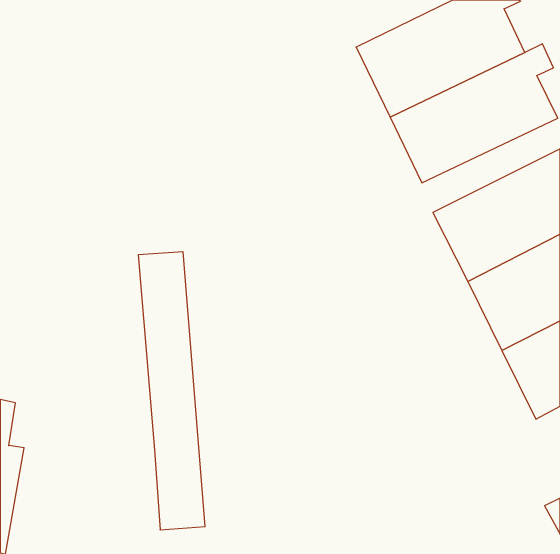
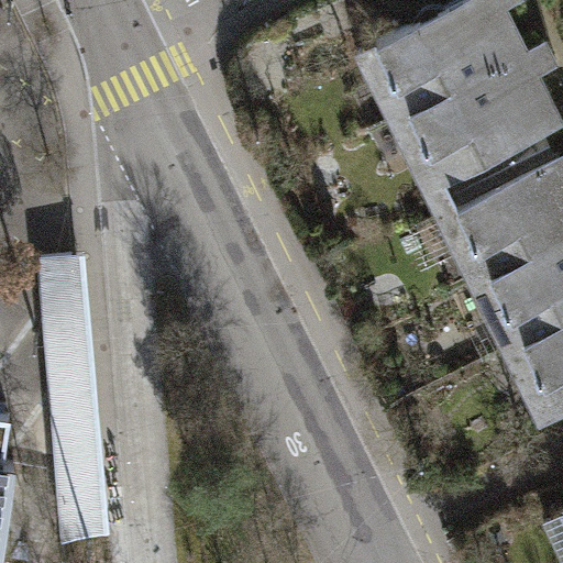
building: [138,252,205,530] -> [43,258,110,538]

